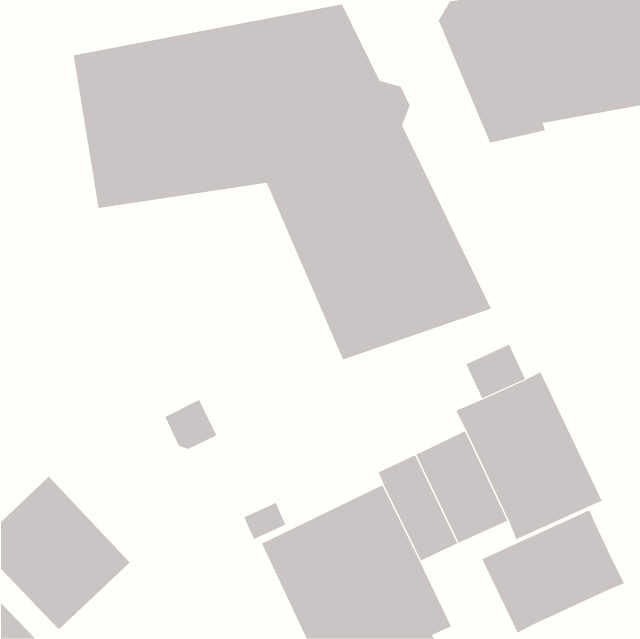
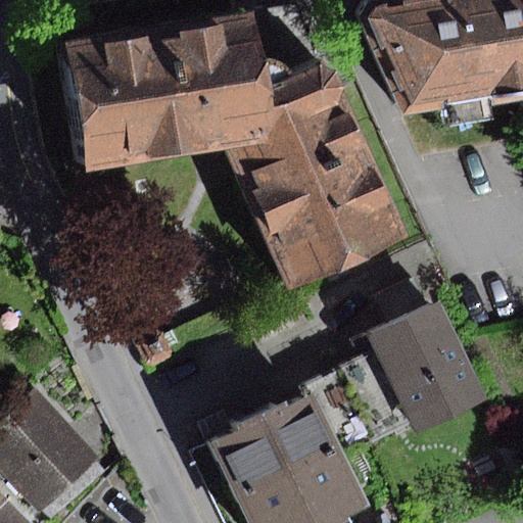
building: [482,510,625,633] -> none

